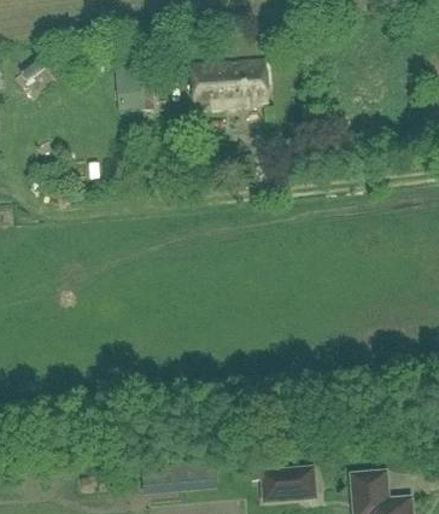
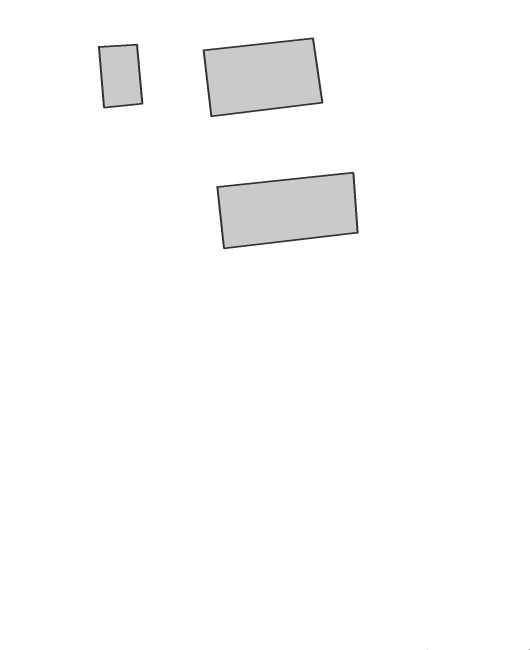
building: none -> [217,173,358,248]

